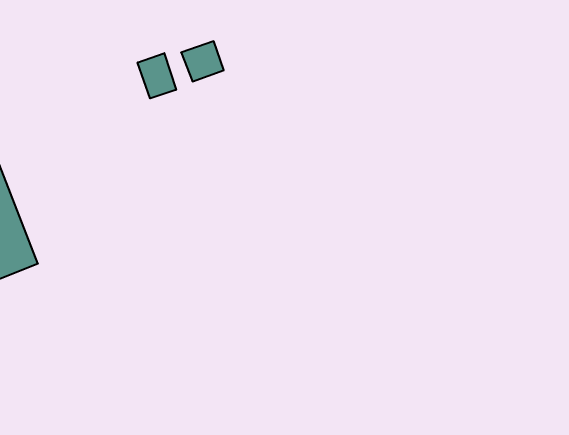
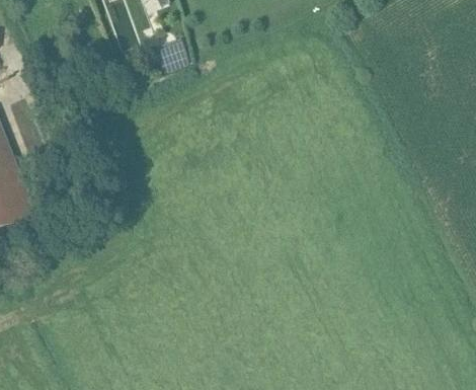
building: [138,53,176,98] -> none

